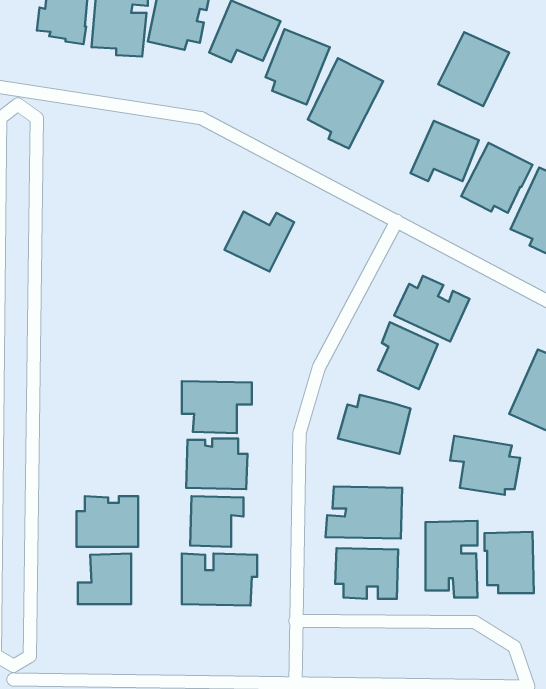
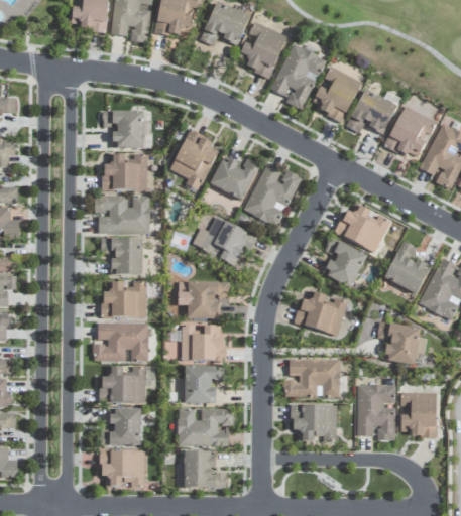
building: [438,32,509,106] -> [311,67,363,121]
building: none -> [101,111,144,148]
building: none -> [168,129,219,190]
building: none -> [101,154,148,190]
building: none -> [244,164,302,227]
building: none -> [95,195,151,234]
building: none -> [193,218,257,264]
building: none -> [101,238,144,275]
building: none -> [385,240,431,294]
building: none -> [100,281,146,317]
building: none -> [92,322,149,361]
building: none -> [101,450,145,486]
building: none -> [185,452,226,488]

